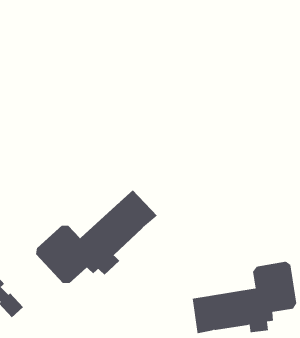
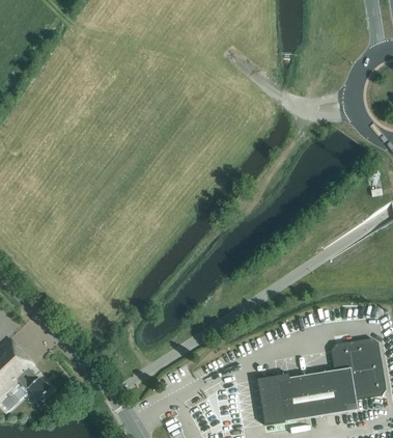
building: [36,189,158,284] -> none

